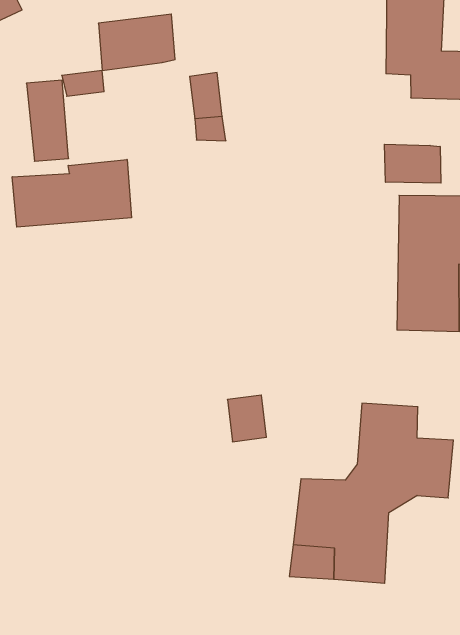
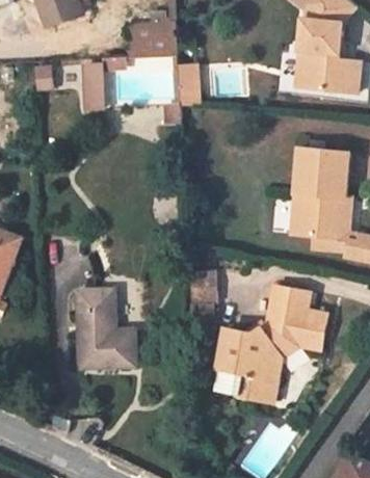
building: [385,144,441,183] -> none
building: [12,159,131,227] -> none
building: none -> [74,289,133,367]

